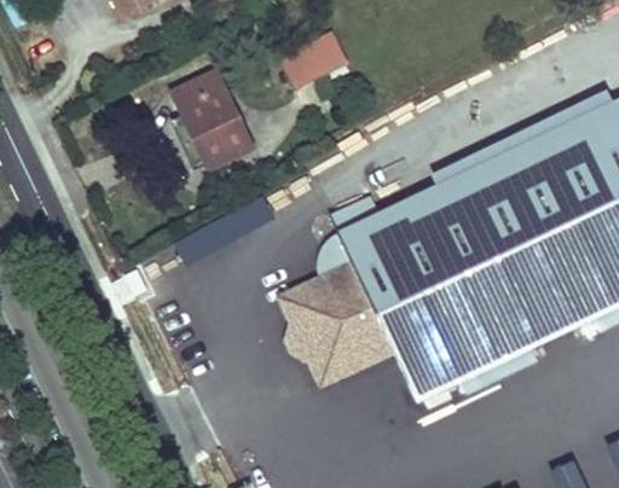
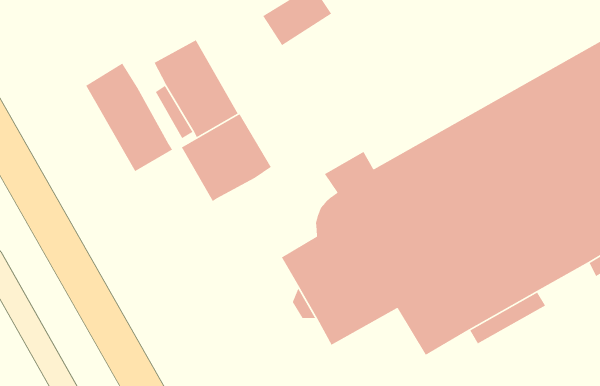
building: none -> [85,62,173,172]
building: none -> [181,113,272,202]

